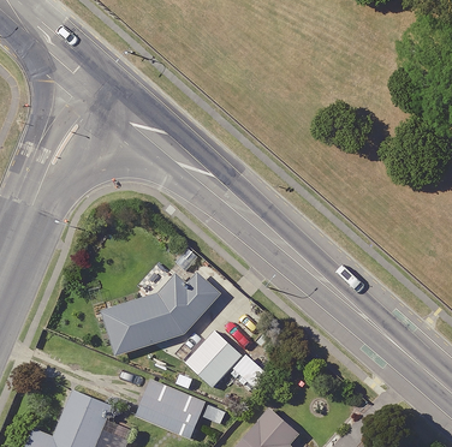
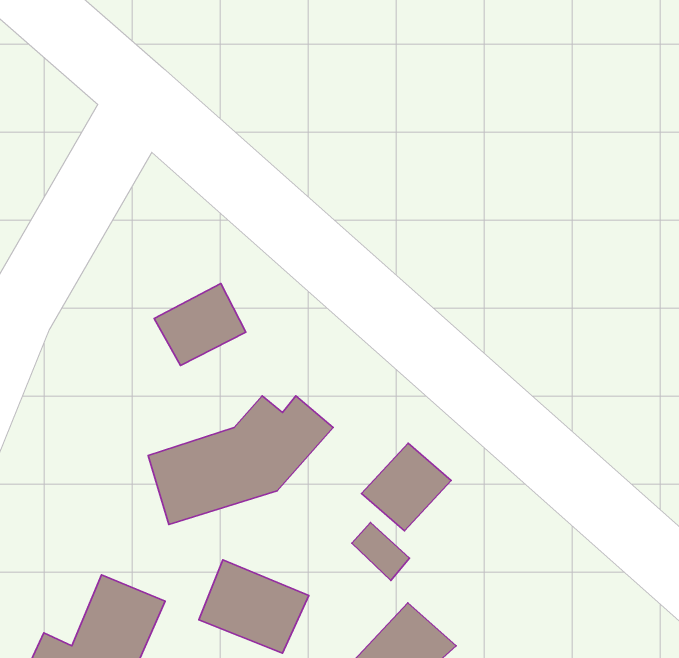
building: none -> [154,284,246,365]
building: [184,330,242,387] -> [362,443,451,531]

